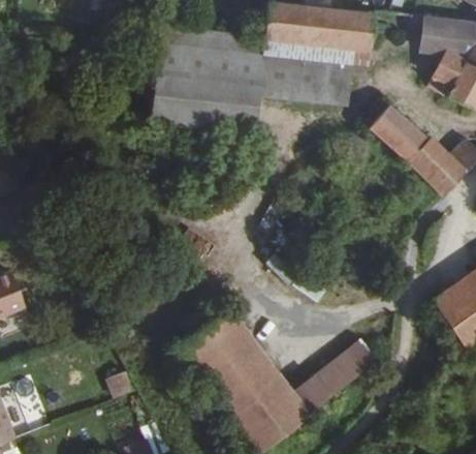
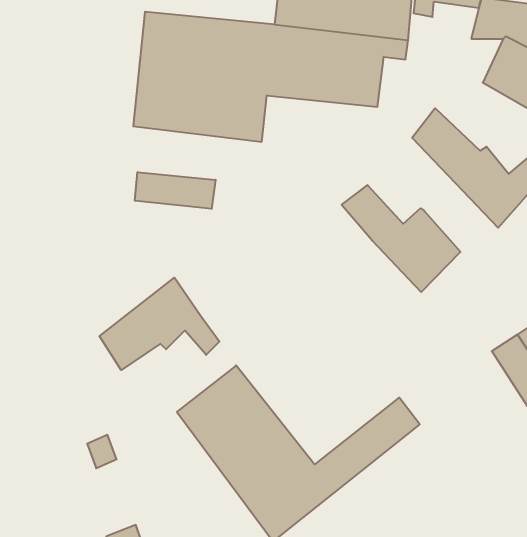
building: none -> [135,172,216,209]
building: none -> [342,185,460,292]
building: none -> [100,278,219,370]

